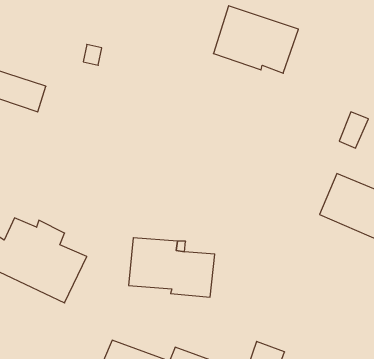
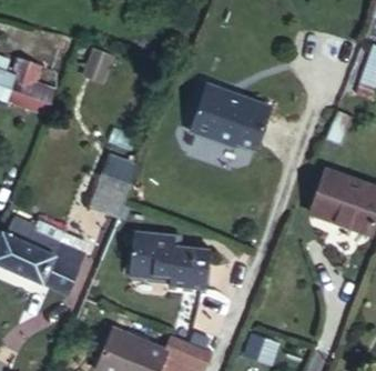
building: [213,6,298,73] -> [191,86,272,150]
building: none -> [91,171,132,214]

